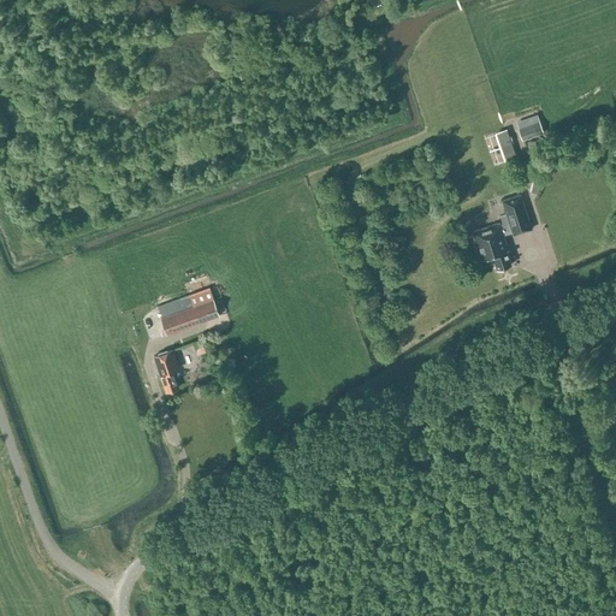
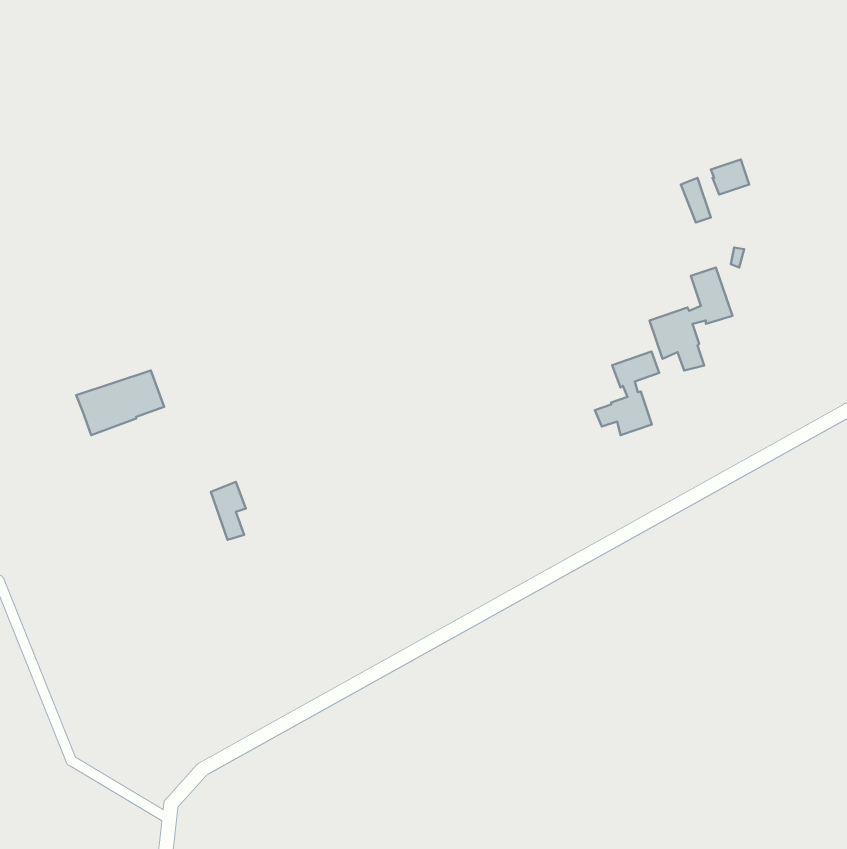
building: none -> [595,352,659,435]
building: [155,288,219,334] -> [76,370,164,435]

